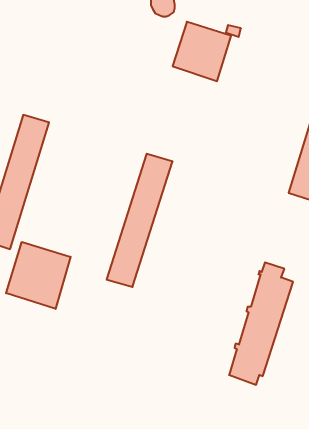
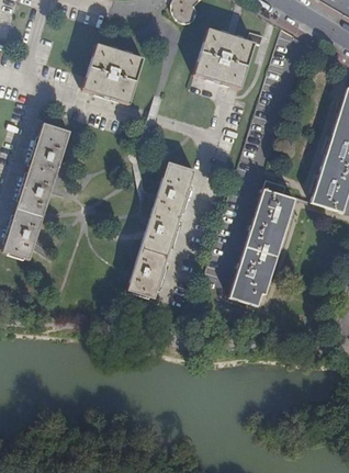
building: none -> [82,44,143,104]
building: [6,242,71,309] -> none
building: [229,262,293,385] -> [230,179,295,303]

